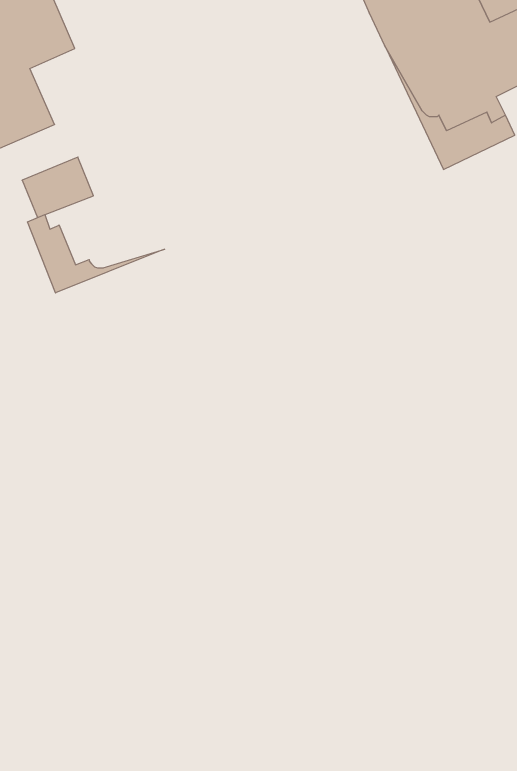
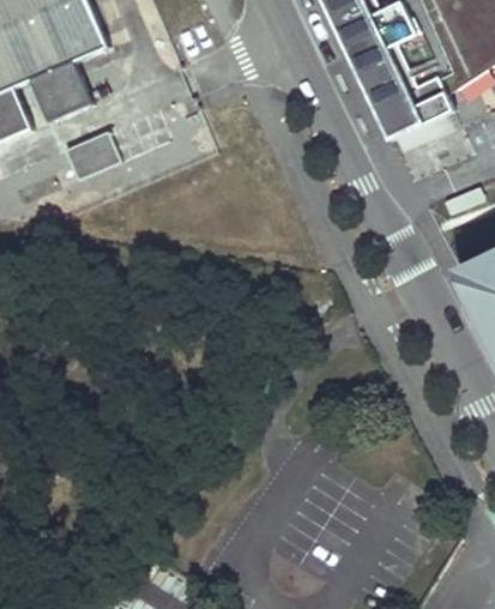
building: [27,215,165,293] -> none

